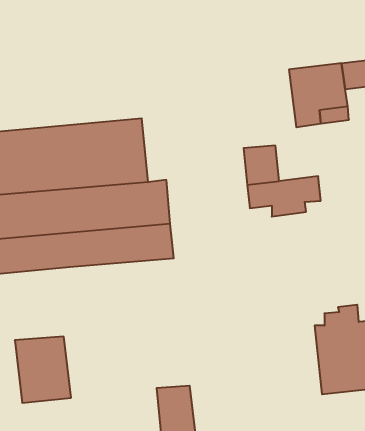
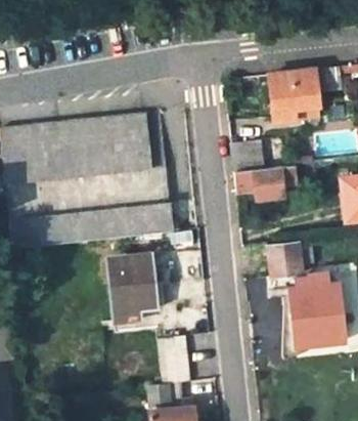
building: none -> [268,241,303,277]
building: [15,337,71,403] -> [108,256,155,311]

